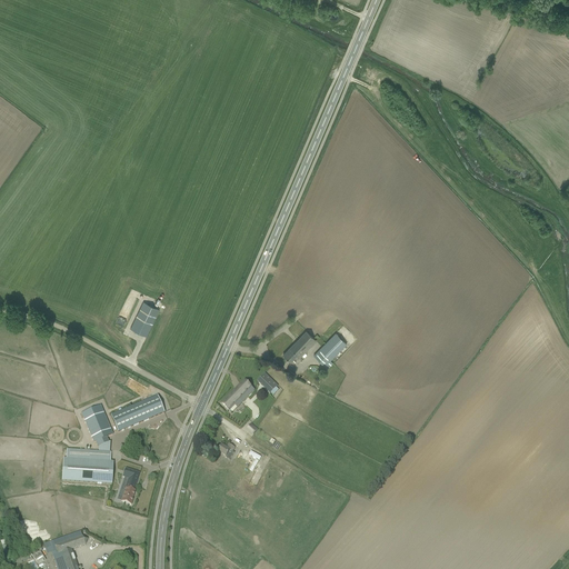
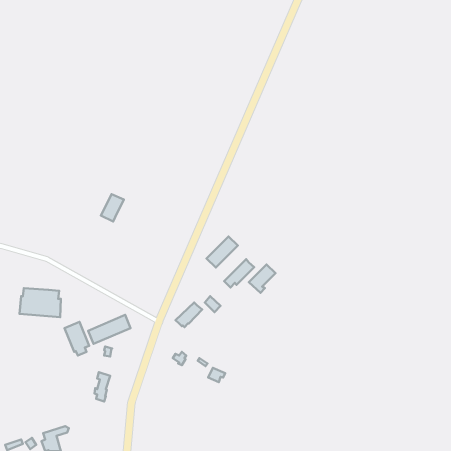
building: none -> [206,236,238,268]
building: [130,301,159,336] -> [101,194,124,222]
building: [61,448,113,485] -> [19,288,61,317]

